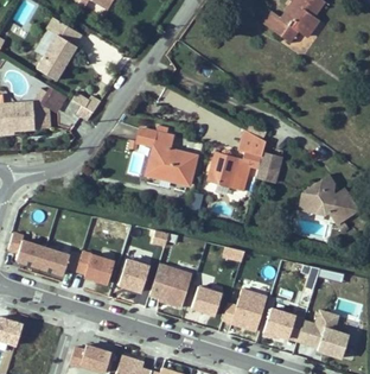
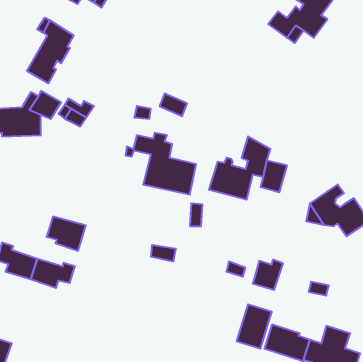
building: [76,252,113,284] -> [47,217,86,251]
building: [117,259,149,291] -> none
building: [152,264,192,306] -> none
building: [194,286,223,315] -> [253,260,283,290]

